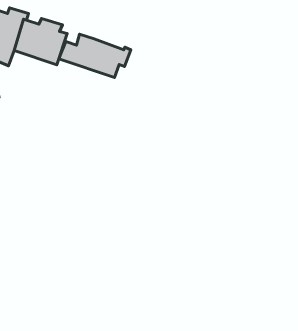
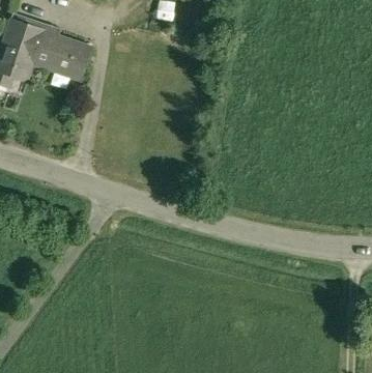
building: [59,34,131,77] -> none

